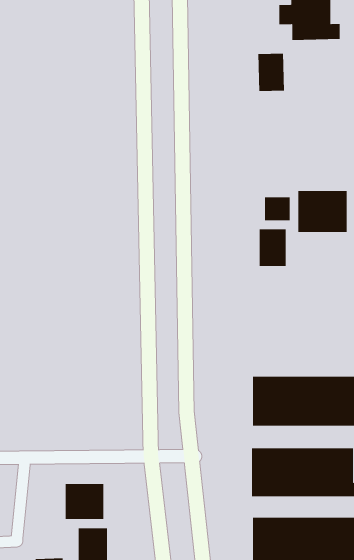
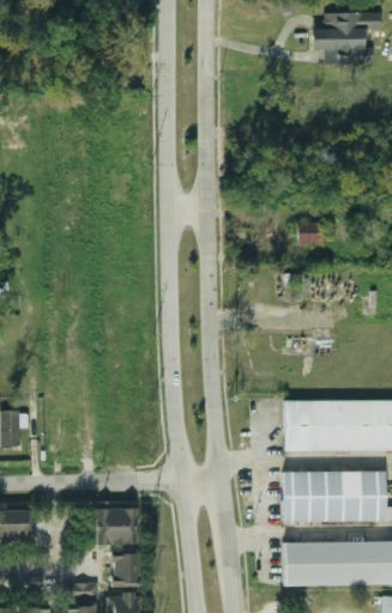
building: [258,53,284,92] -> none
building: [298,190,347,233] -> none
building: [259,229,286,267] -> none

